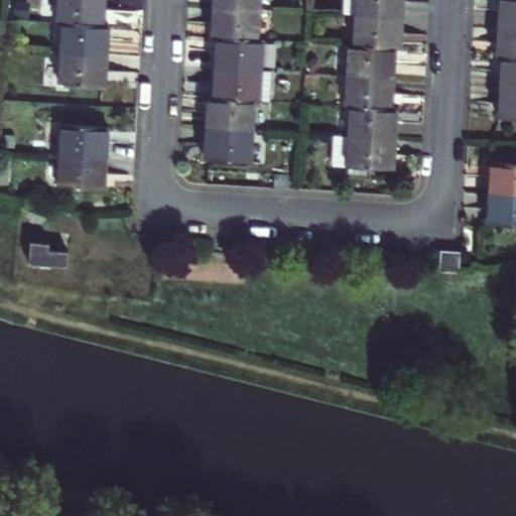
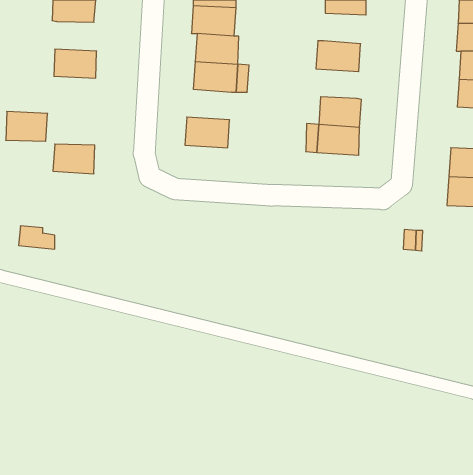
building: [353,14,399,47] -> none
building: [61,23,109,55] -> none
building: [344,75,391,107] -> none
building: [205,97,253,130] -> none
building: [61,125,107,157] -> [6,111,48,141]

